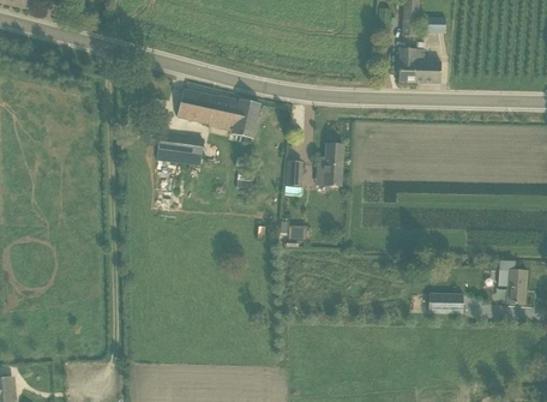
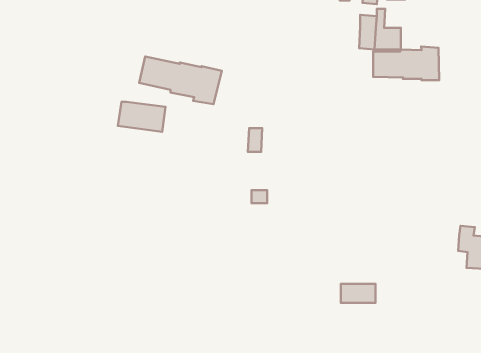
building: none -> [373,47,439,80]
building: [324,144,343,187] -> none
building: [428,294,463,313] -> [341,284,376,303]

